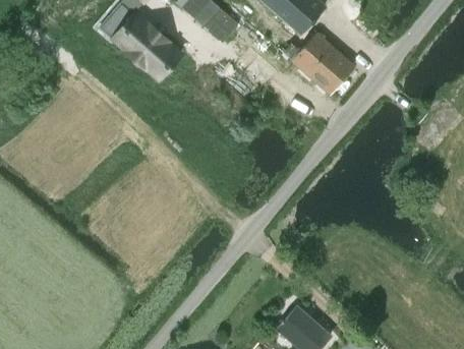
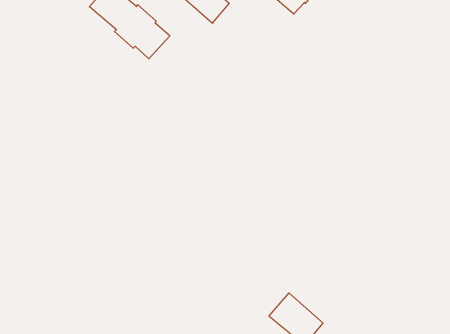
building: [292,33,355,94] -> none

